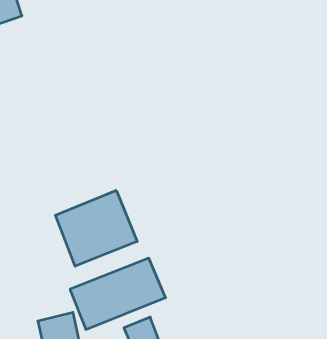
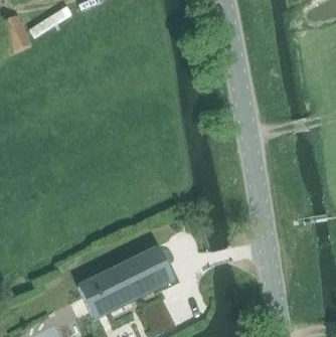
building: [55,190,137,266] -> none

